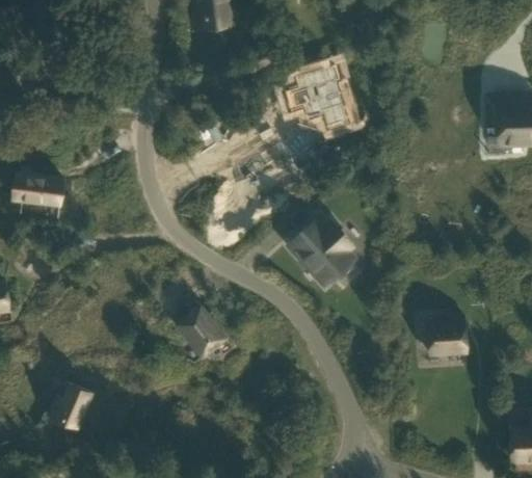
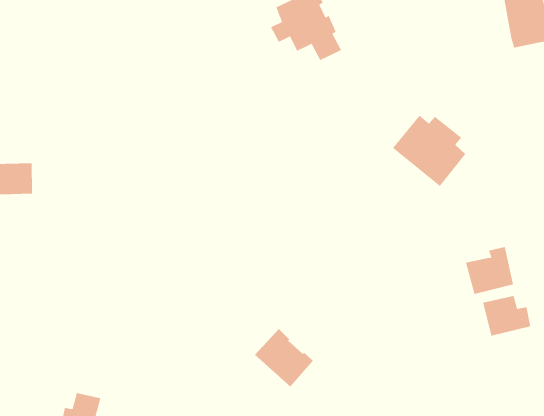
building: [289,222,352,288] -> [392,115,466,187]
building: [175,309,225,362] -> [254,328,314,387]
building: none -> [483,295,531,337]

